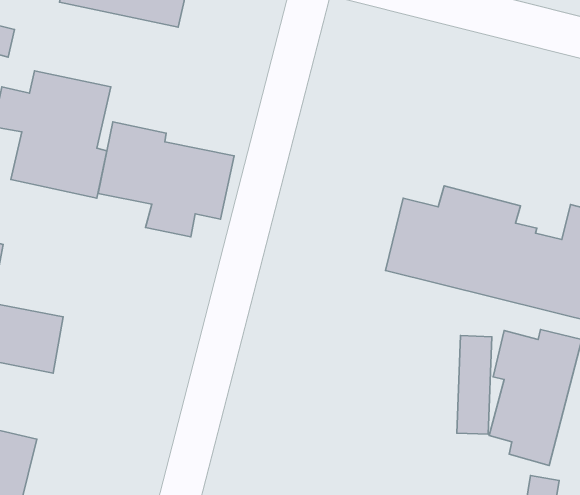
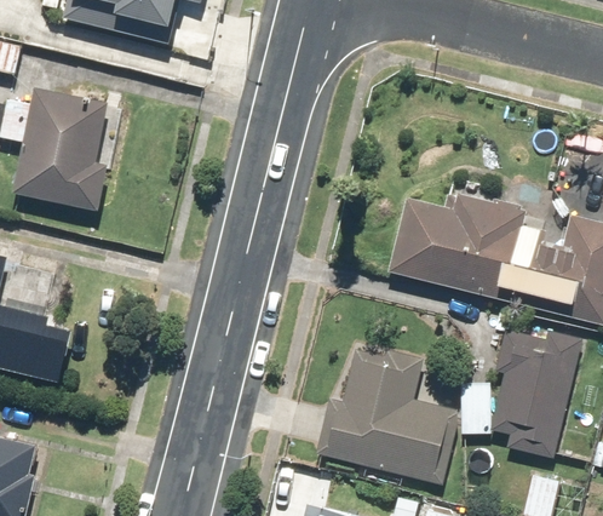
building: [98,122,234,237] -> none
building: none -> [325,357,449,483]

